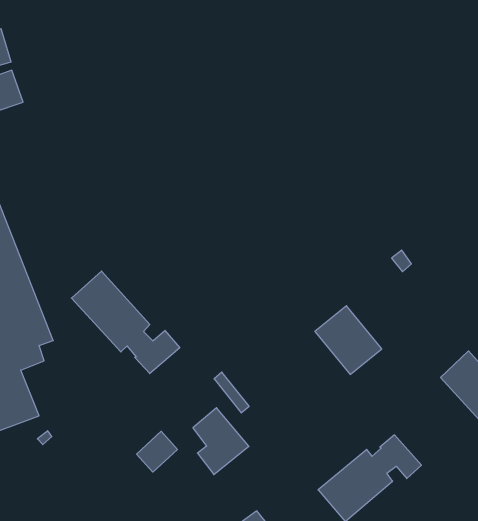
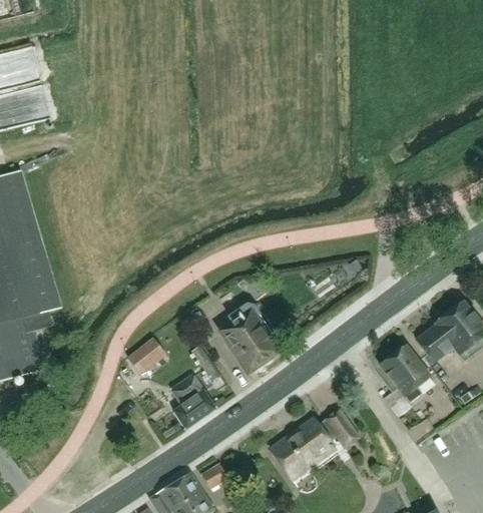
building: [71,271,180,374] -> none
building: [315,306,382,374] -> [220,314,275,371]
building: [137,431,177,472] -> [128,339,162,372]

